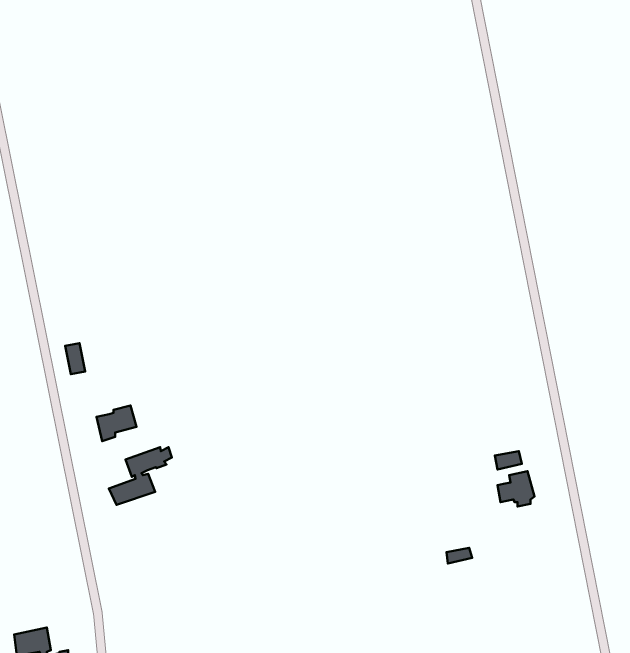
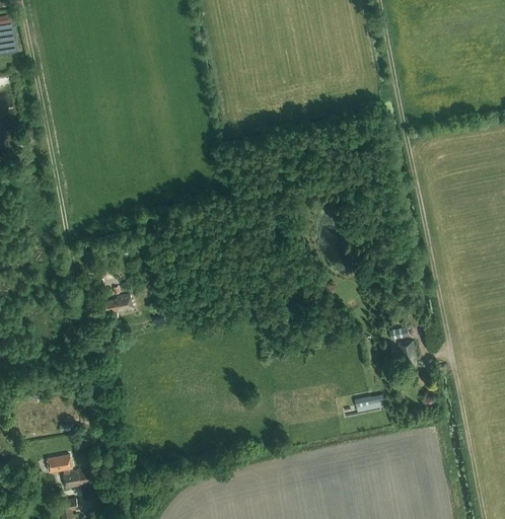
building: [109,447,172,505] -> none

